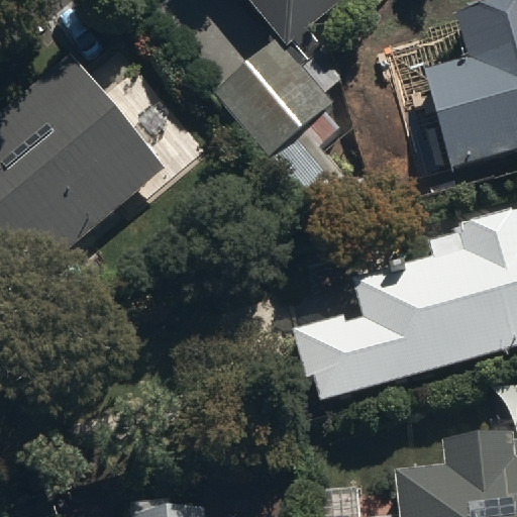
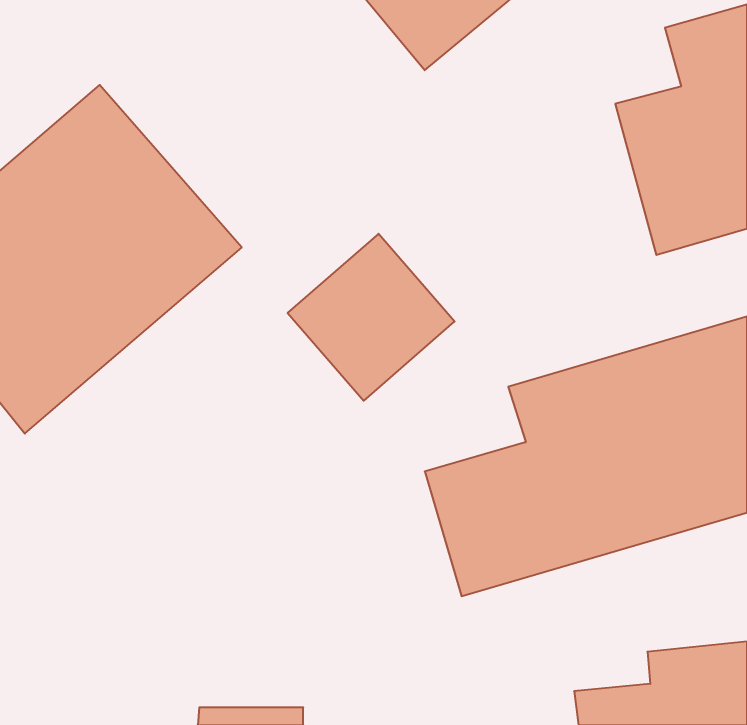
building: [217,43,332,159] -> [288,234,455,401]

